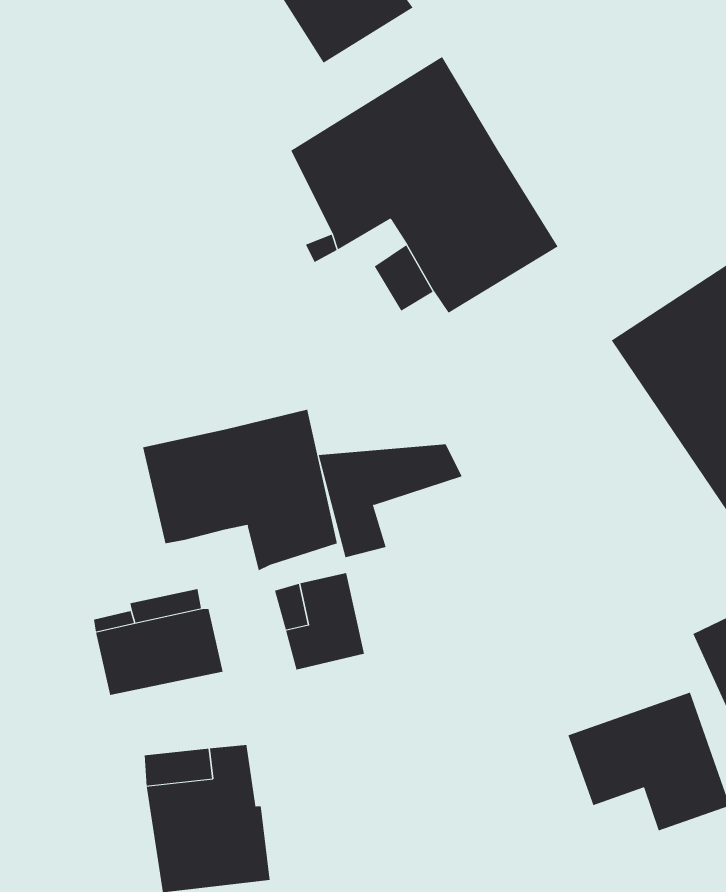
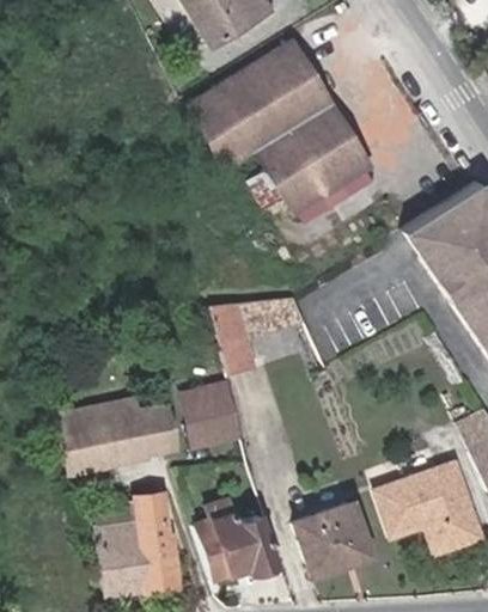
building: [143,409,338,571] -> none
building: none -> [140,400,175,448]
building: none -> [195,497,279,579]
building: none -> [297,502,371,574]

